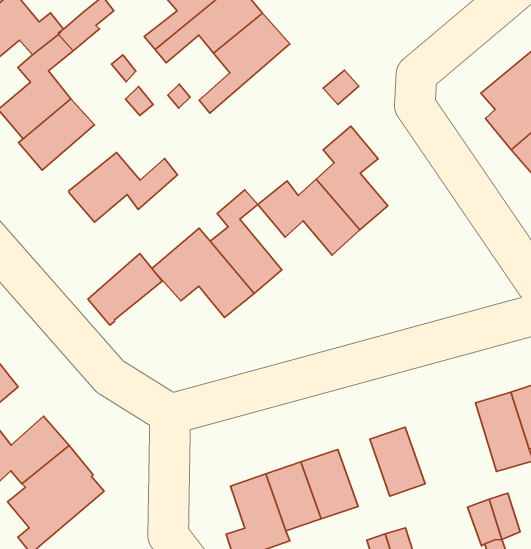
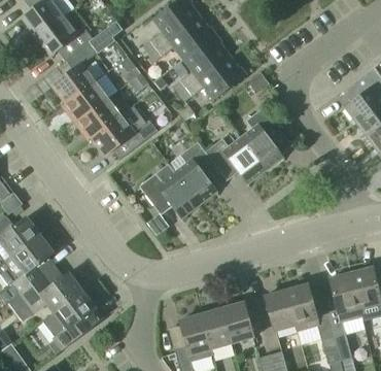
building: none -> [178,56,244,102]
building: [88,253,162,325] -> [75,98,120,140]
building: none -> [285,284,319,332]

